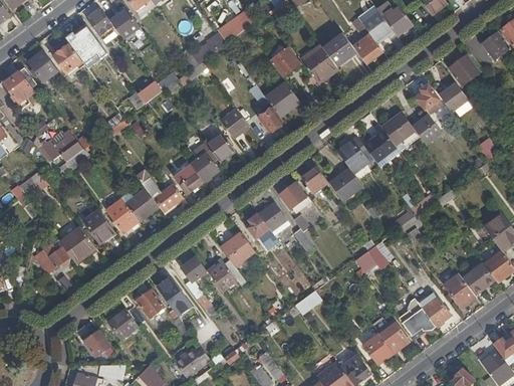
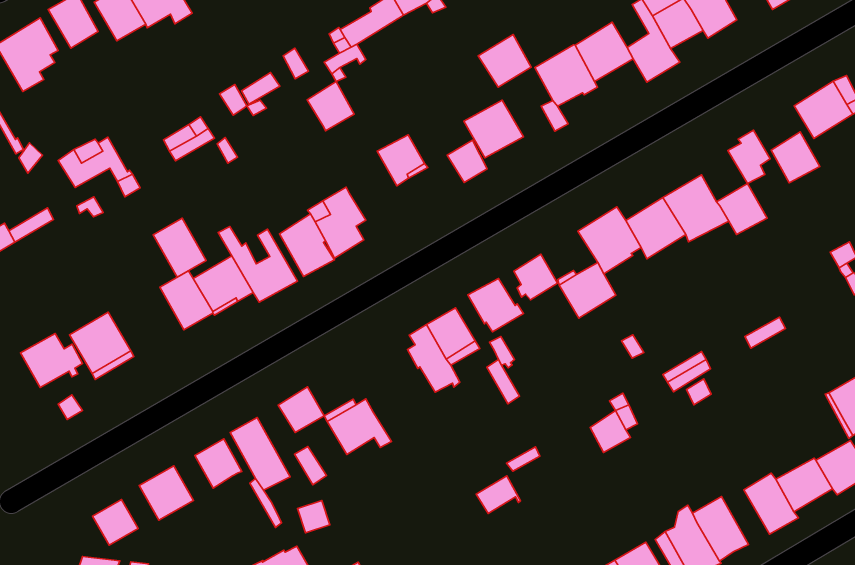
building: [207,133,234,161] -> [307,82,354,131]
building: [84,209,115,242] -> [153,218,206,277]
building: [221,233,254,265] -> none

